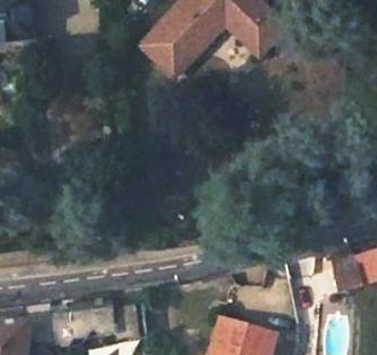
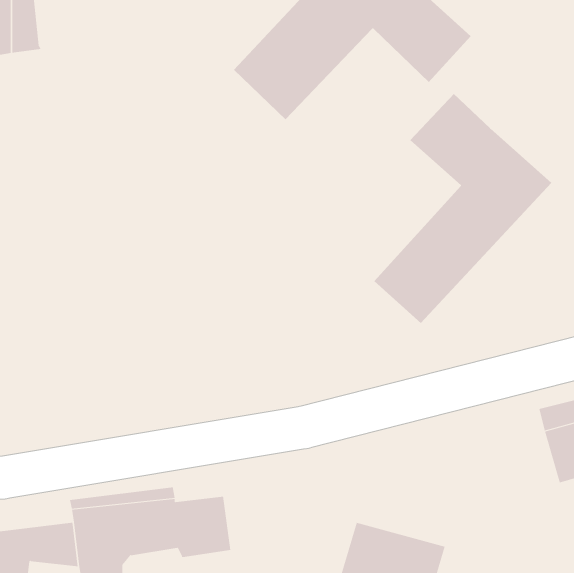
building: none -> [373,93,552,324]

